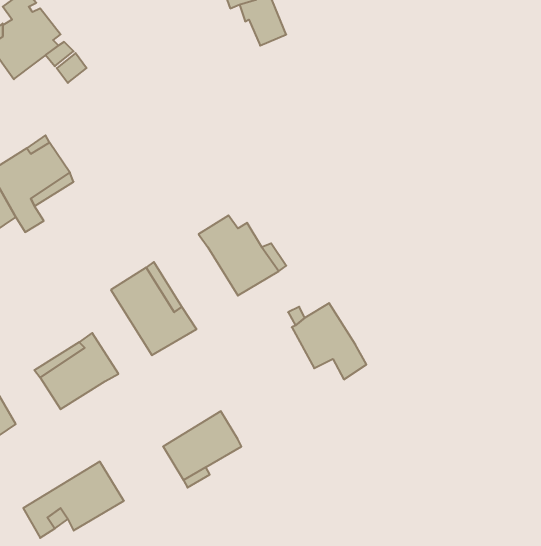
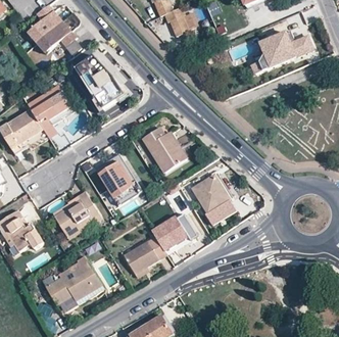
building: none -> [251,30,313,74]
building: none -> [75,51,126,107]
building: none -> [150,213,196,250]

